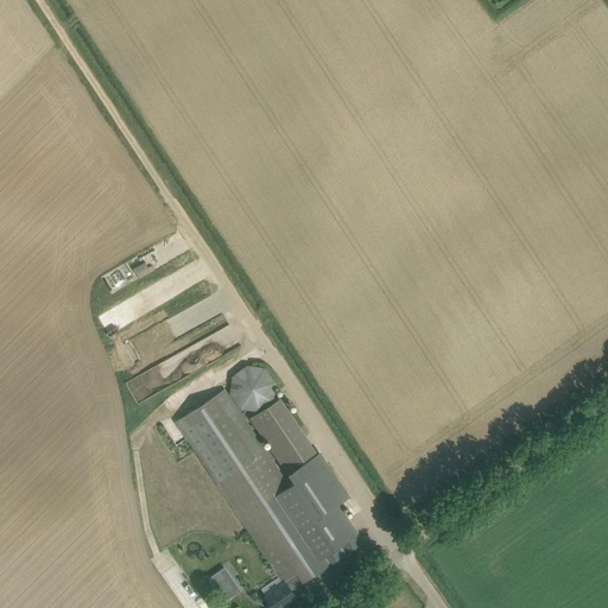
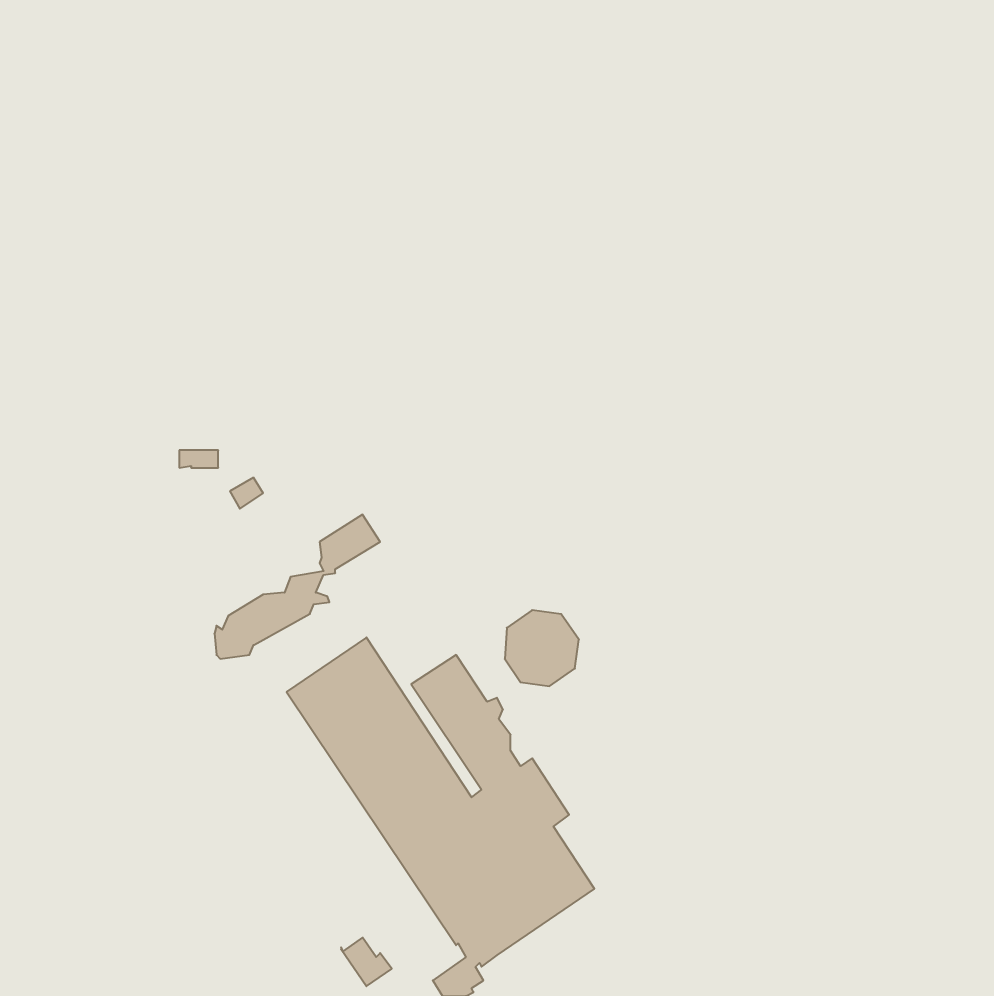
building: [229,365,274,411] -> [505,610,579,686]

